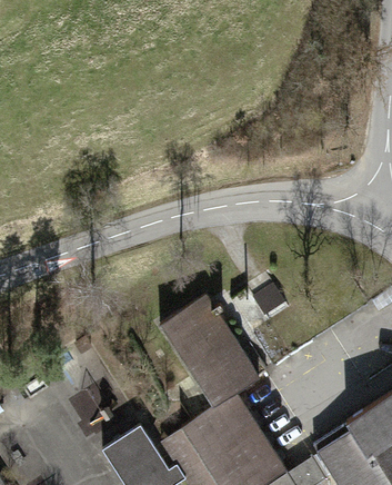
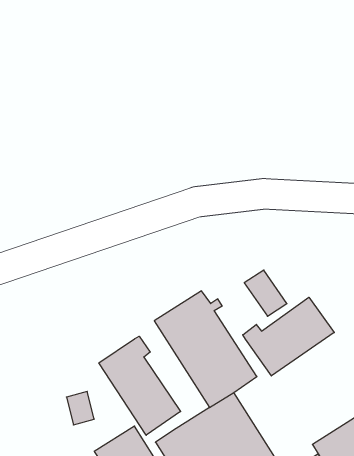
building: none -> [243,297,334,376]
building: none -> [99,336,181,435]

